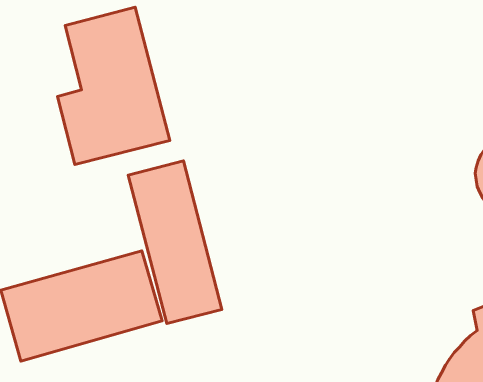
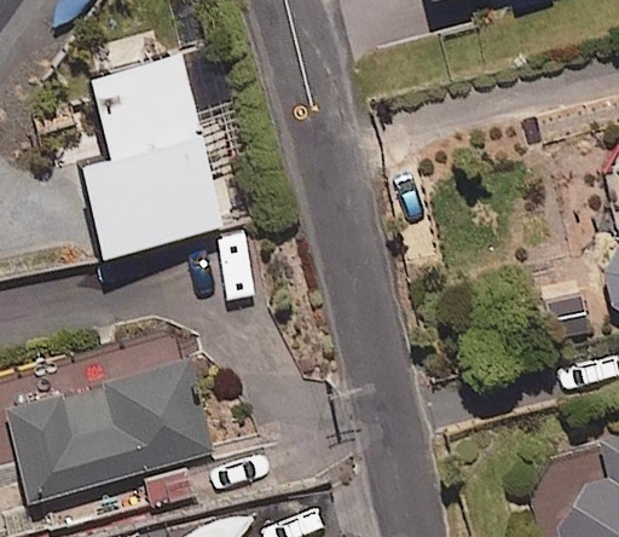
building: [128,161,222,323] -> none

